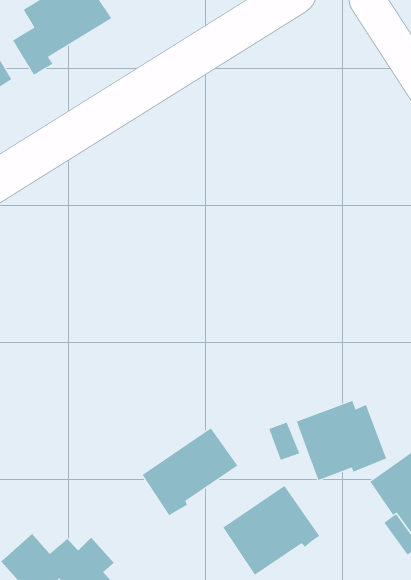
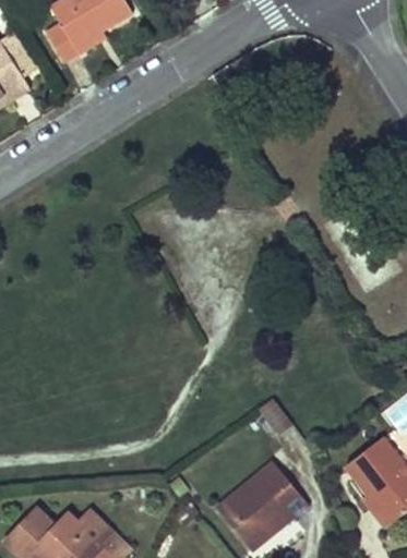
building: [296,400,387,481] -> none
building: [142,428,238,516] -> none

